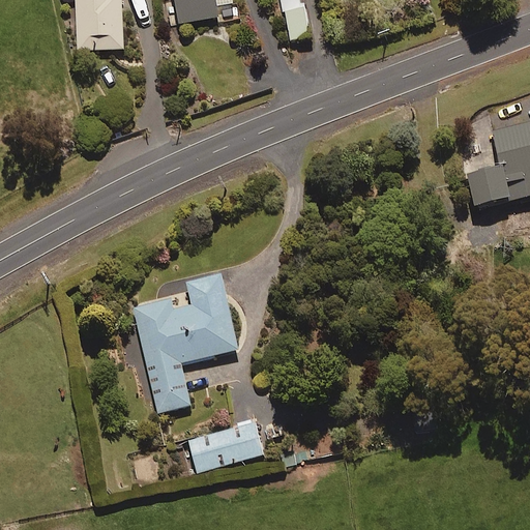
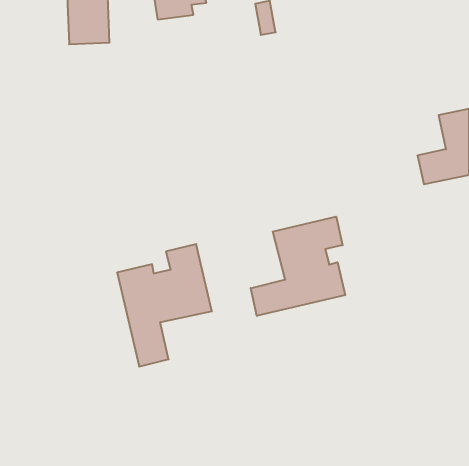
building: none -> [251,217,345,316]
building: [187,421,262,470] -> none

